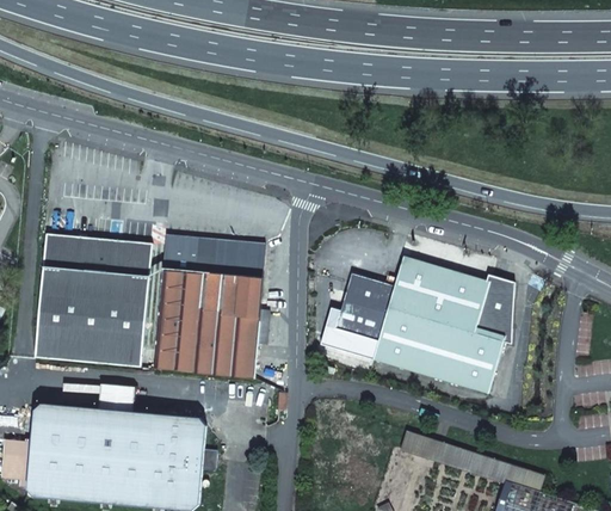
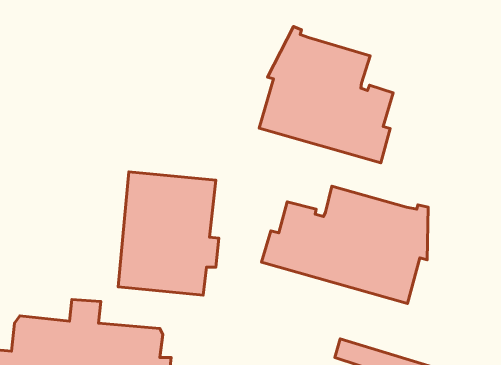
building: none -> [259,27,393,163]
building: [35,235,153,369] -> none

